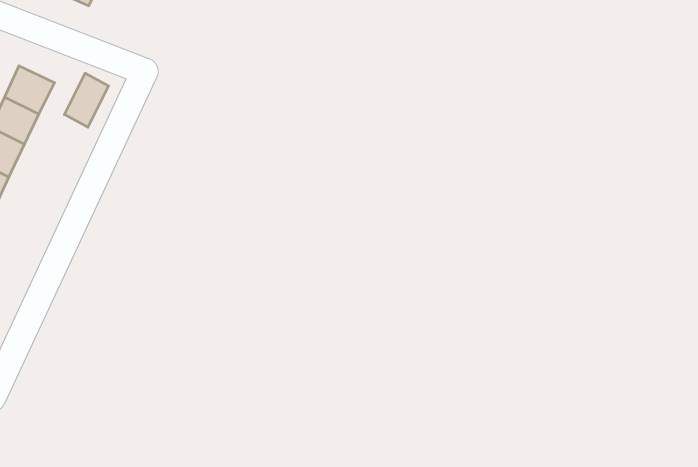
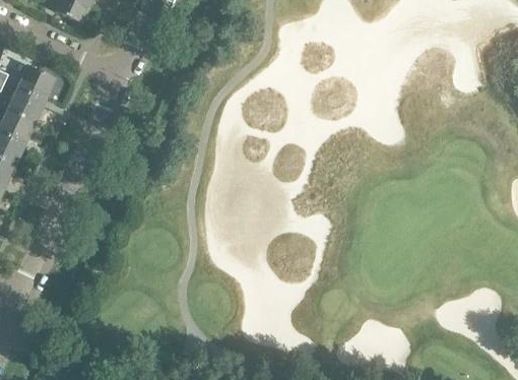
building: [64,73,109,127] -> none

